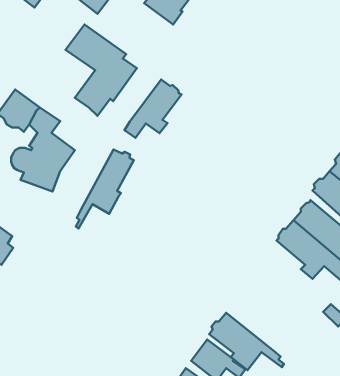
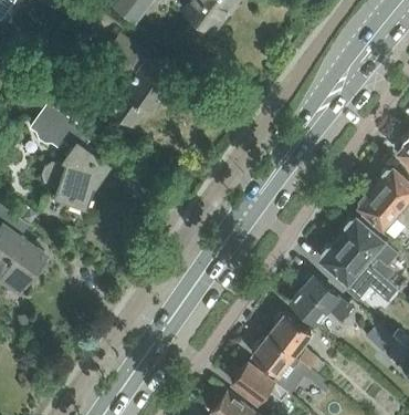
building: [124,79,181,138] -> none
building: [76,149,134,228] -> none
building: none -> [290,276,353,324]
building: none -> [268,312,324,374]

